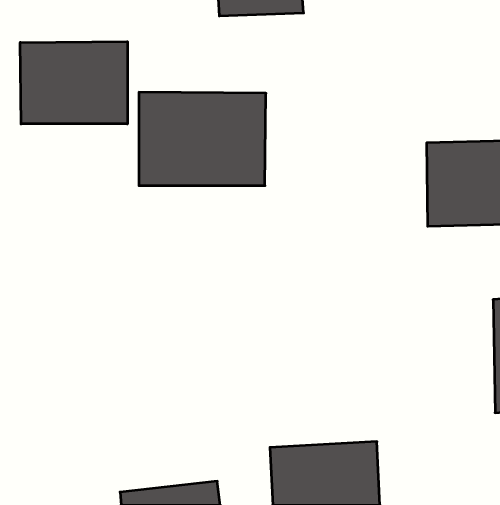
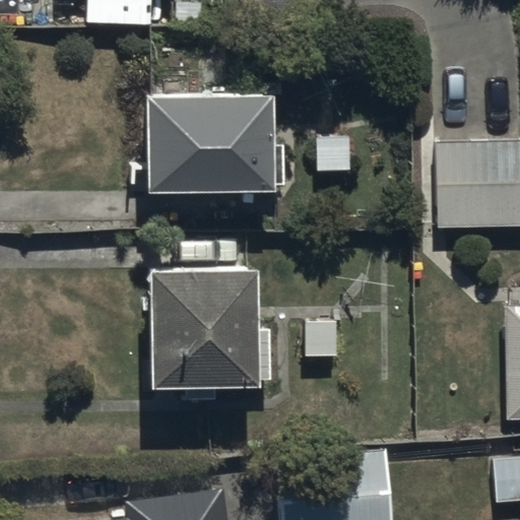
building: [20,42,127,124] -> none
building: none -> [142,268,256,384]

